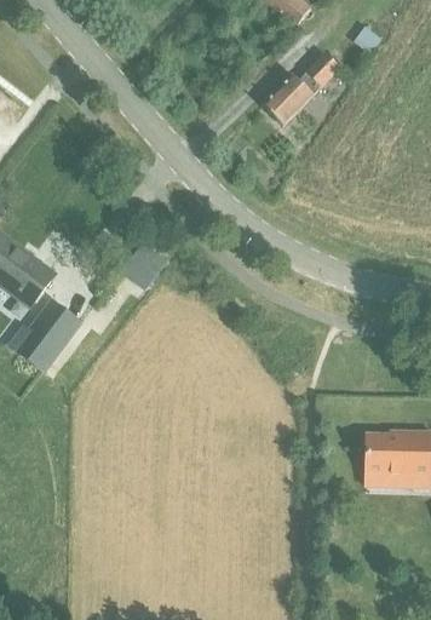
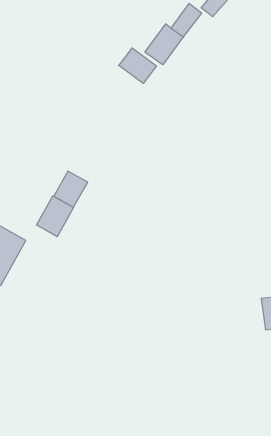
building: none -> [119,48,156,83]
building: none -> [37,196,73,237]

